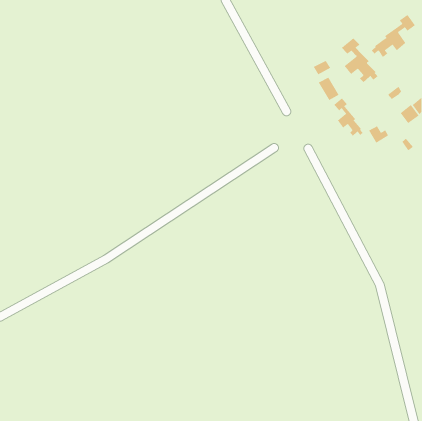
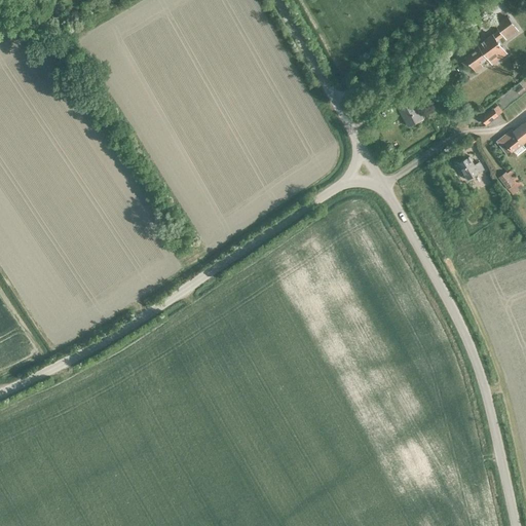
building: [341,37,378,83] -> none
building: [333,97,363,137] -> none

